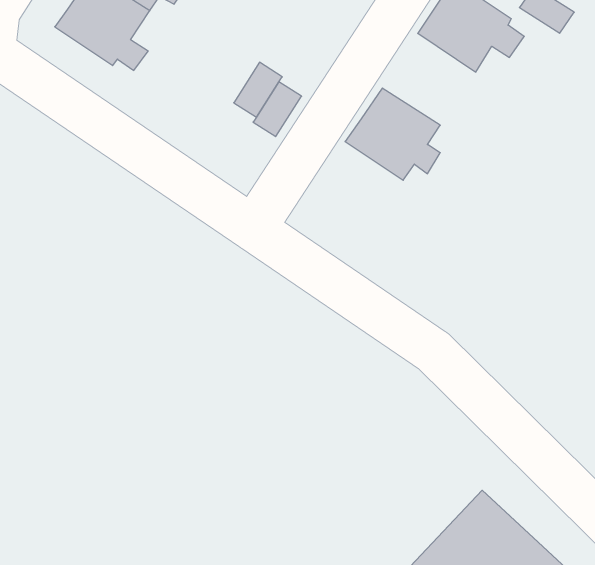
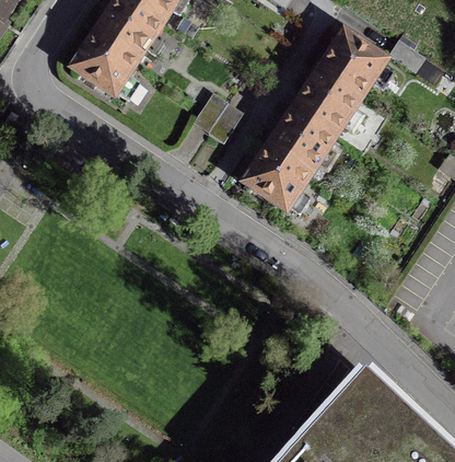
building: none -> [294,65,360,127]
building: none -> [233,138,308,205]

